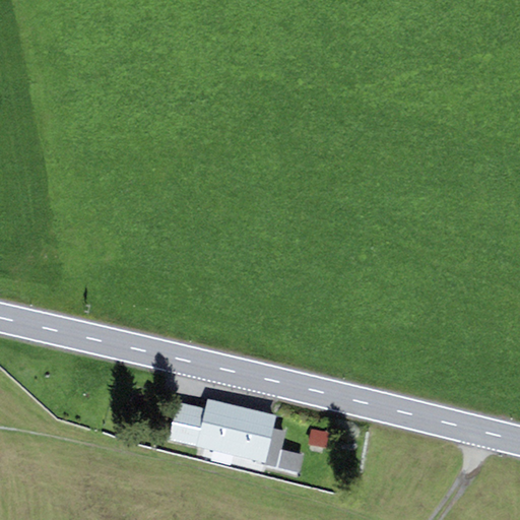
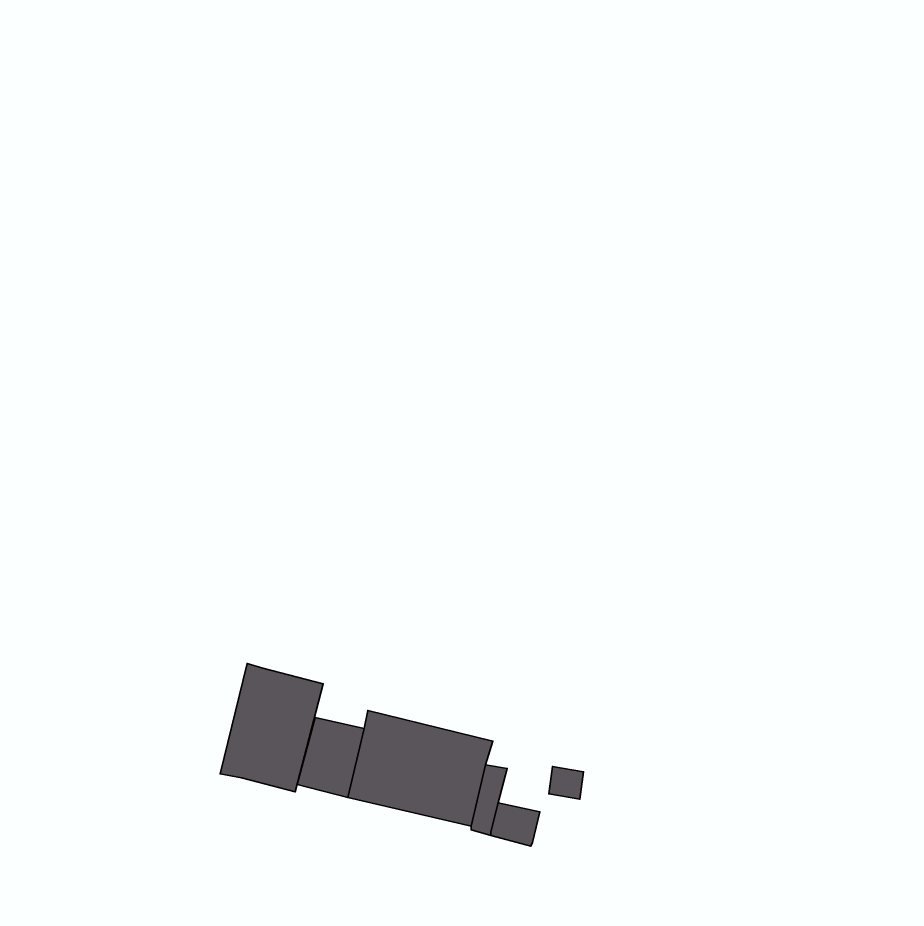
building: none -> [220,664,323,792]

